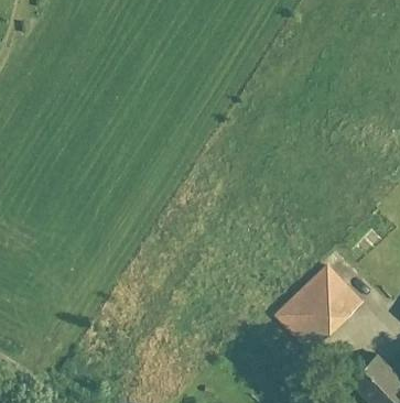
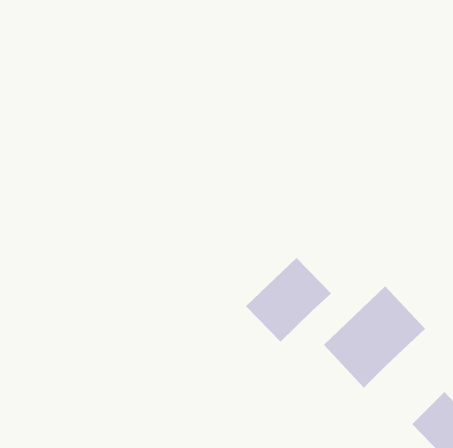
building: none -> [245,257,332,343]

